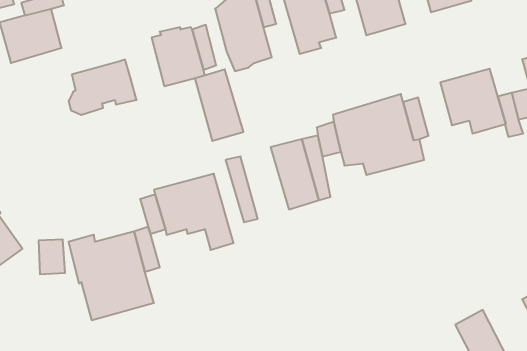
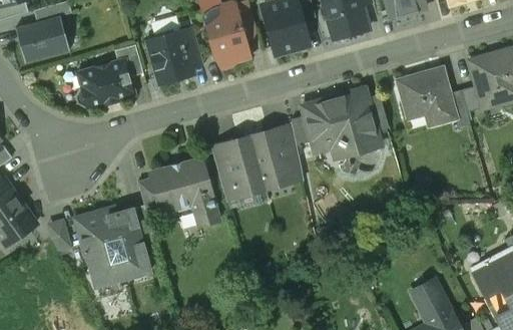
building: none -> [114,44,143,76]
building: [195,69,243,141] -> [224,135,267,198]

